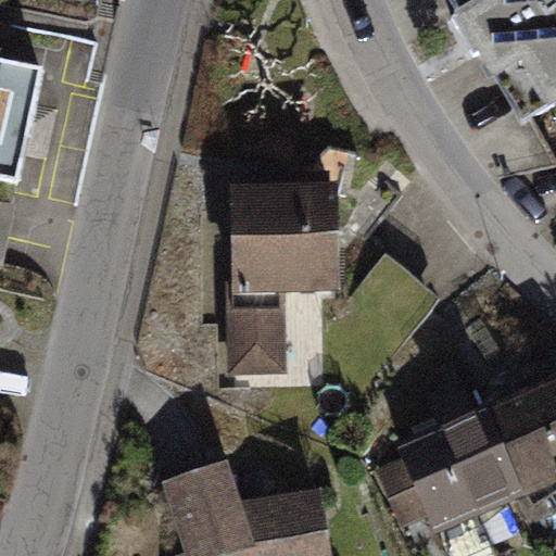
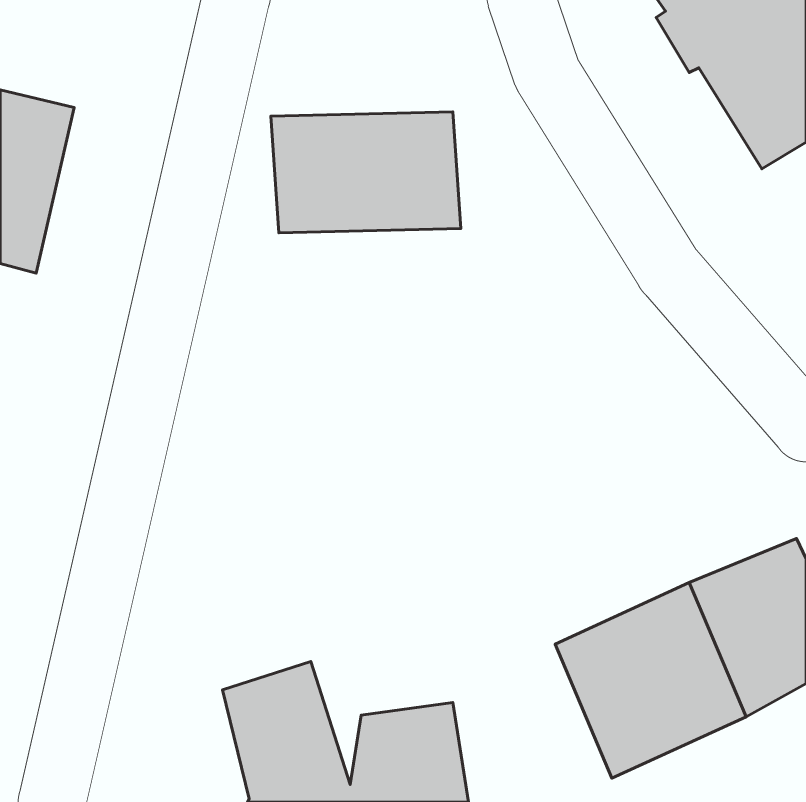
building: none -> [271,112,461,233]
building: [228,199,352,384] -> none

